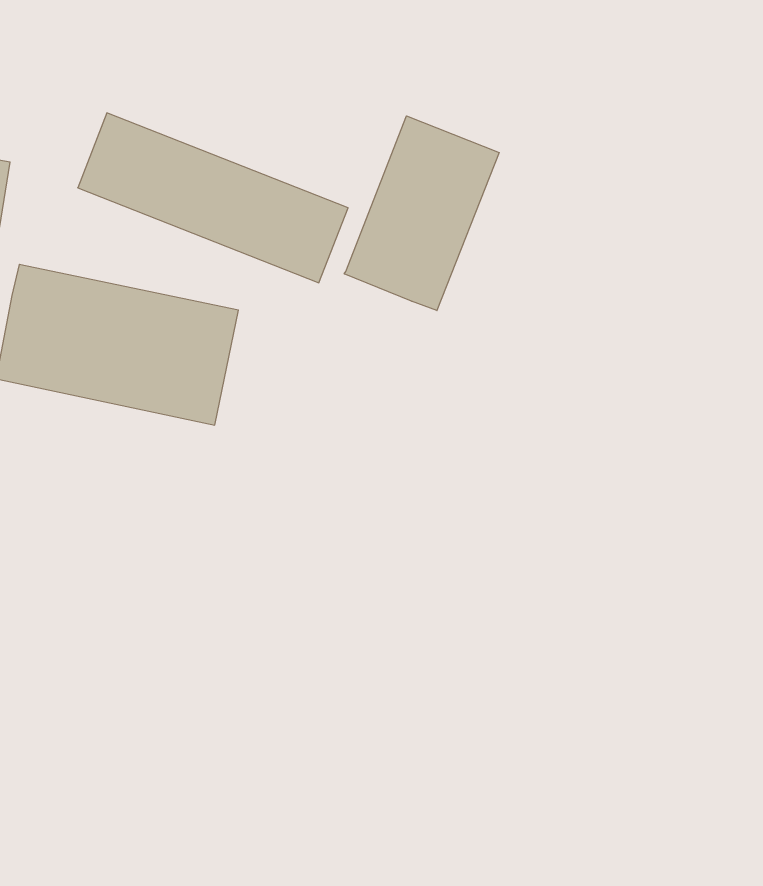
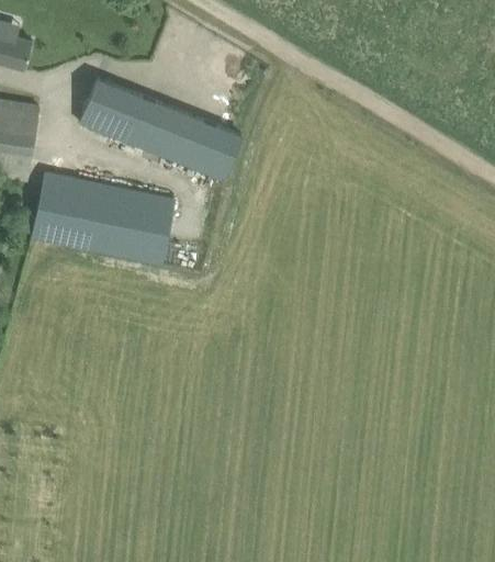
building: [344,116,499,311] -> none

